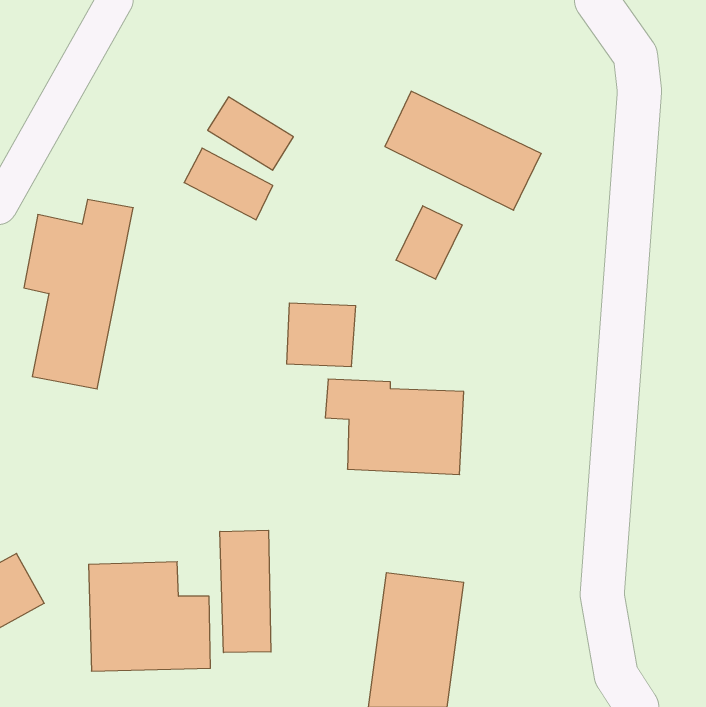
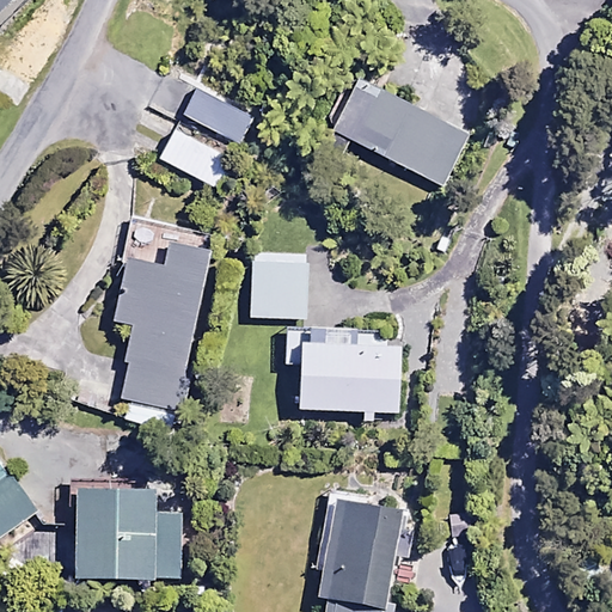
building: [24,199,133,389] -> [114,243,208,406]
building: [396,206,462,279] -> none
building: [220,530,271,653] -> none

